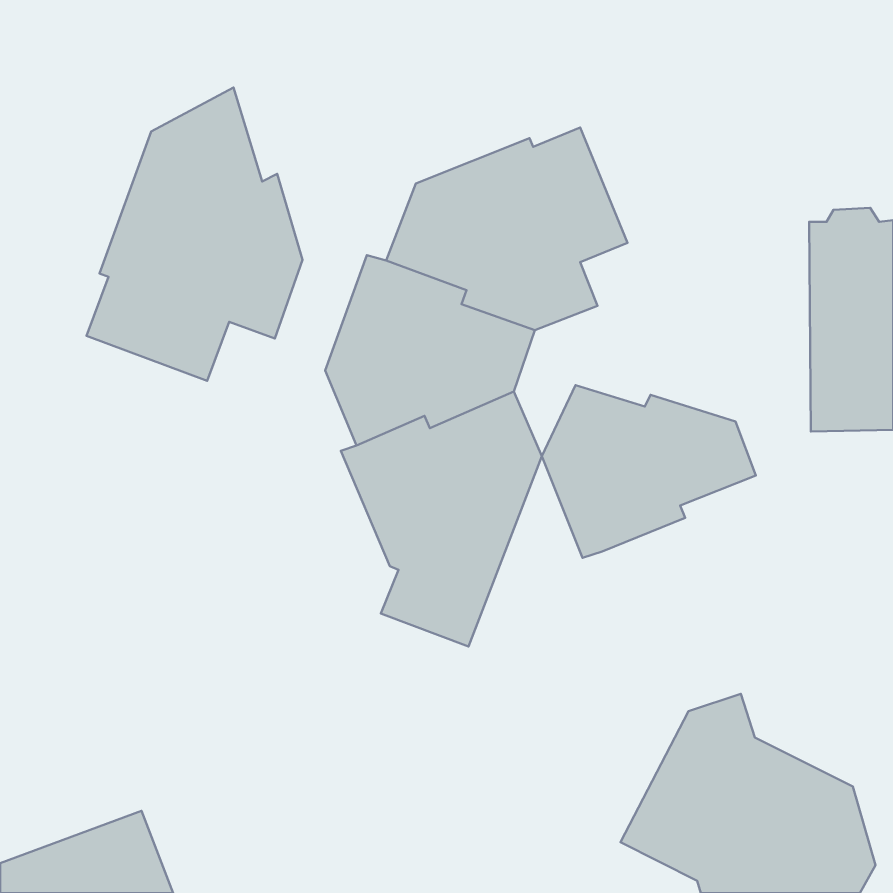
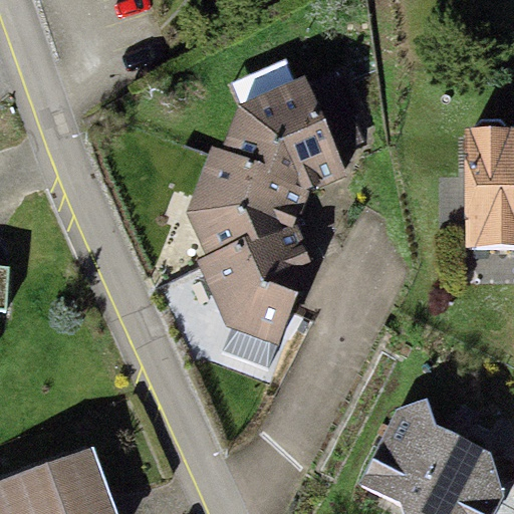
building: [87,87,303,381] -> none
building: [542,385,756,558] -> none

